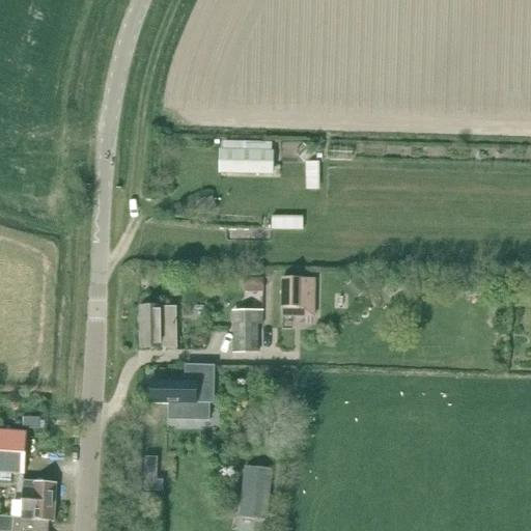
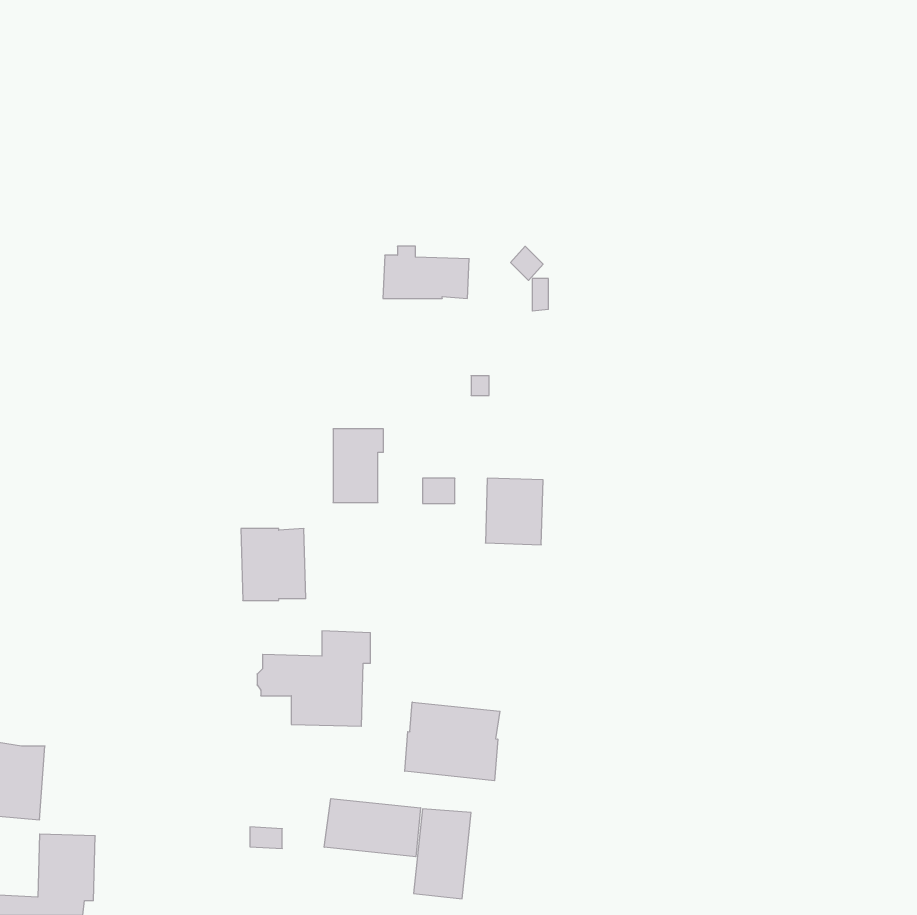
building: [232,309,261,352] -> [333,429,383,503]
building: none -> [405,702,500,781]
building: none -> [324,799,421,857]

